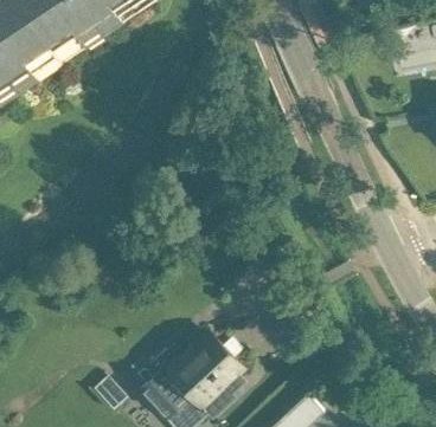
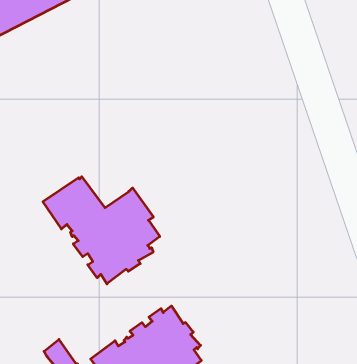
building: none -> [43,177,160,284]

